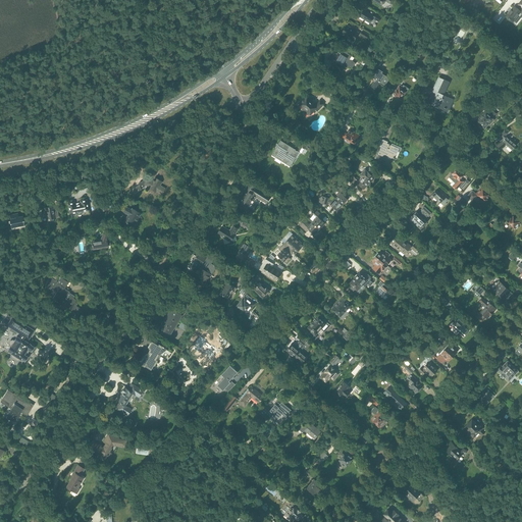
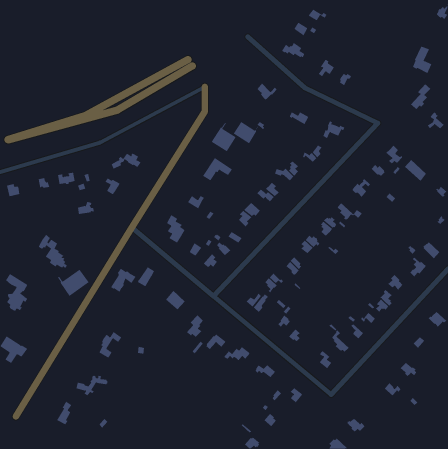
building: [428,77,452,110] -> [412,46,432,74]
building: none -> [211,122,236,152]
building: none -> [57,269,89,297]
building: [139,342,169,370] -> [110,268,136,293]

